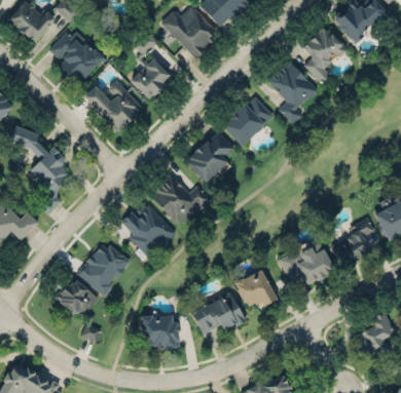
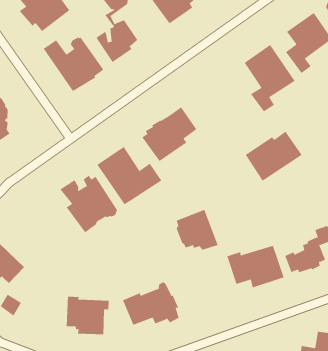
building: [222,96,275,146] -> [245,131,303,181]
building: [77,244,131,296] -> none
building: [235,268,278,306] -> [176,209,219,251]

